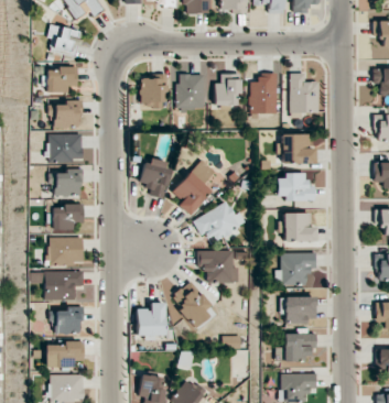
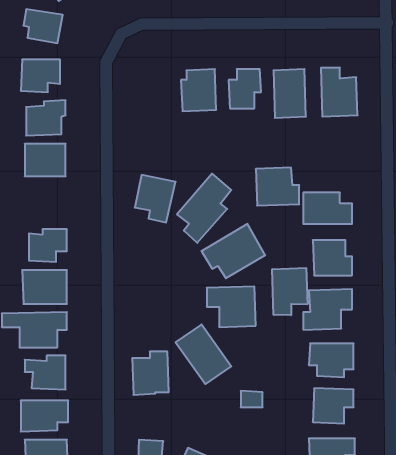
building: [141,76,168,109] -> none
building: [280,133,315,164] -> [256,168,299,206]
building: [52,170,82,196] -> none
building: none -> [272,268,307,315]

